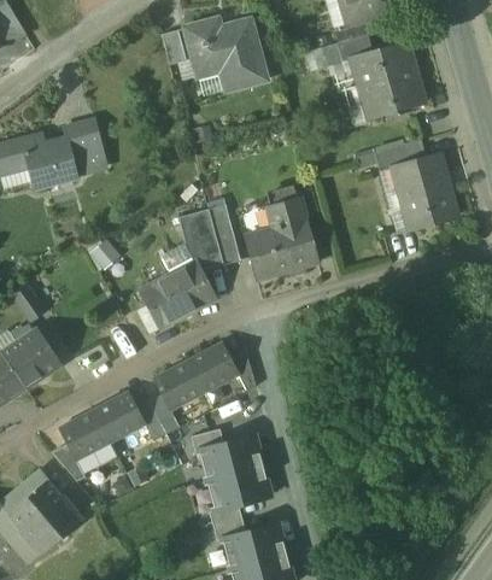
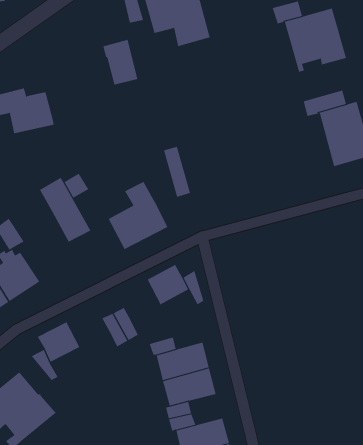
building: [65,119,107,174] -> [102,39,138,85]
building: [244,197,316,281] -> none
building: [177,210,223,271] -> none
building: none -> [39,177,91,242]
building: [153,362,204,410] -> none
building: [94,393,144,441] -> none

